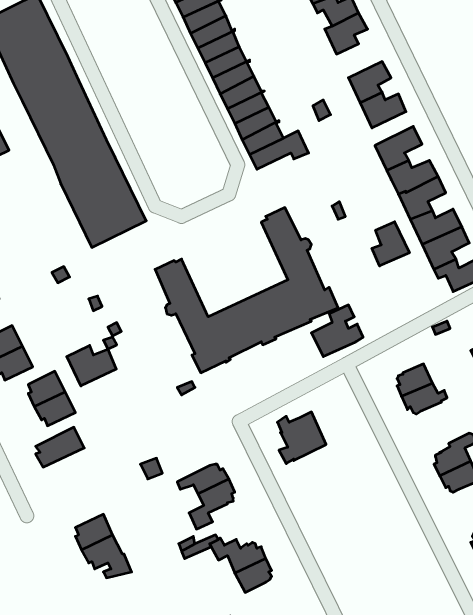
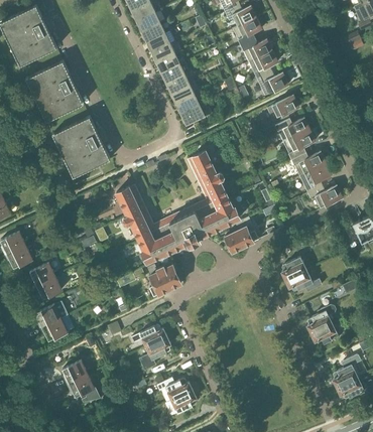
building: none -> [241,38,272,61]
building: [372,222,409,266] -> none
building: [67,345,116,386] -> none
building: [277,412,326,464] -> [148,261,181,296]
building: none -> [40,314,75,340]

